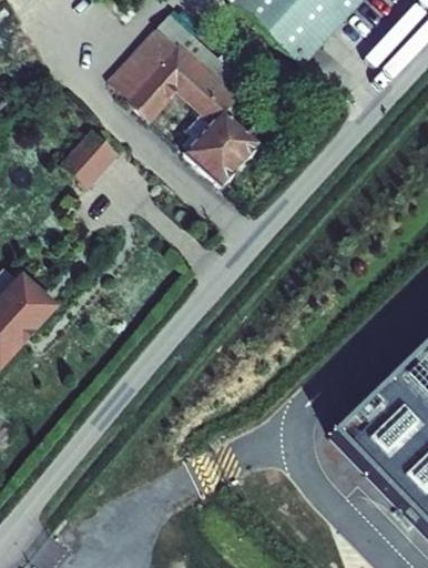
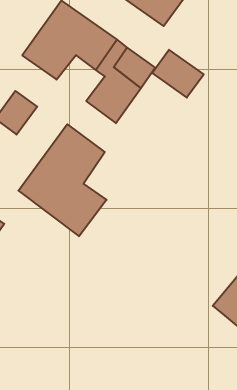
building: none -> [152,50,204,98]
building: none -> [18,124,107,236]

